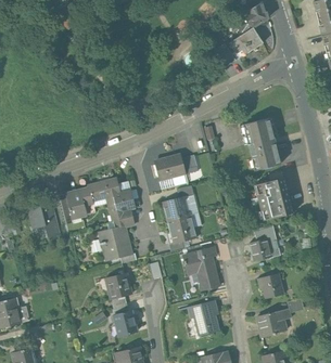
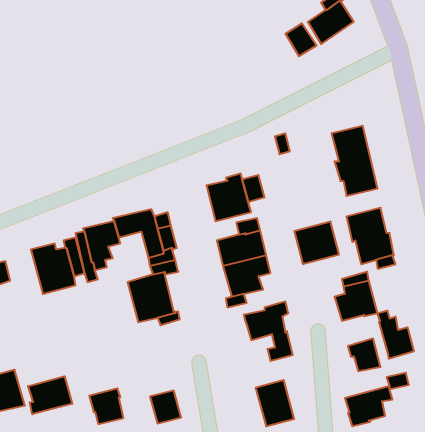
building: none -> [294,221,339,264]
building: none -> [378,311,414,359]
building: [105,272,130,298] -> [89,388,123,424]
building: none -> [28,376,72,414]

